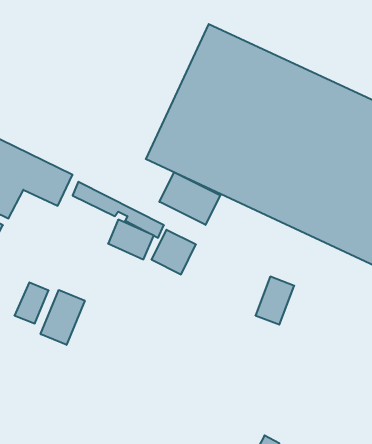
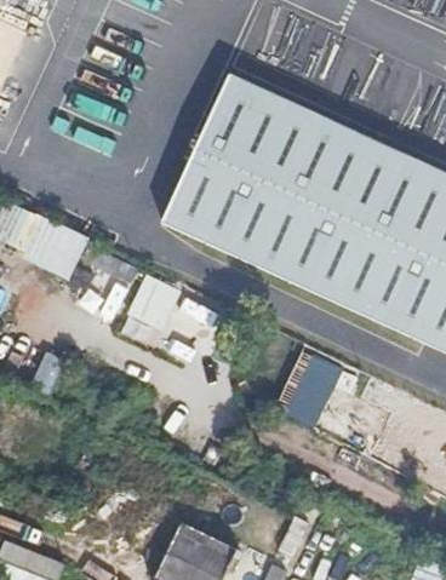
building: [159,172,220,225] -> none
building: [41,290,85,345] -> none

